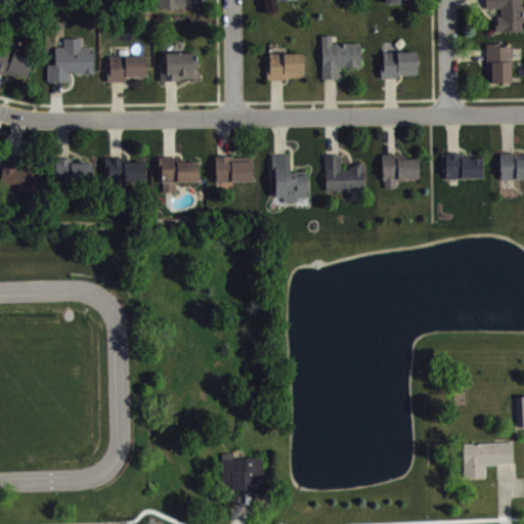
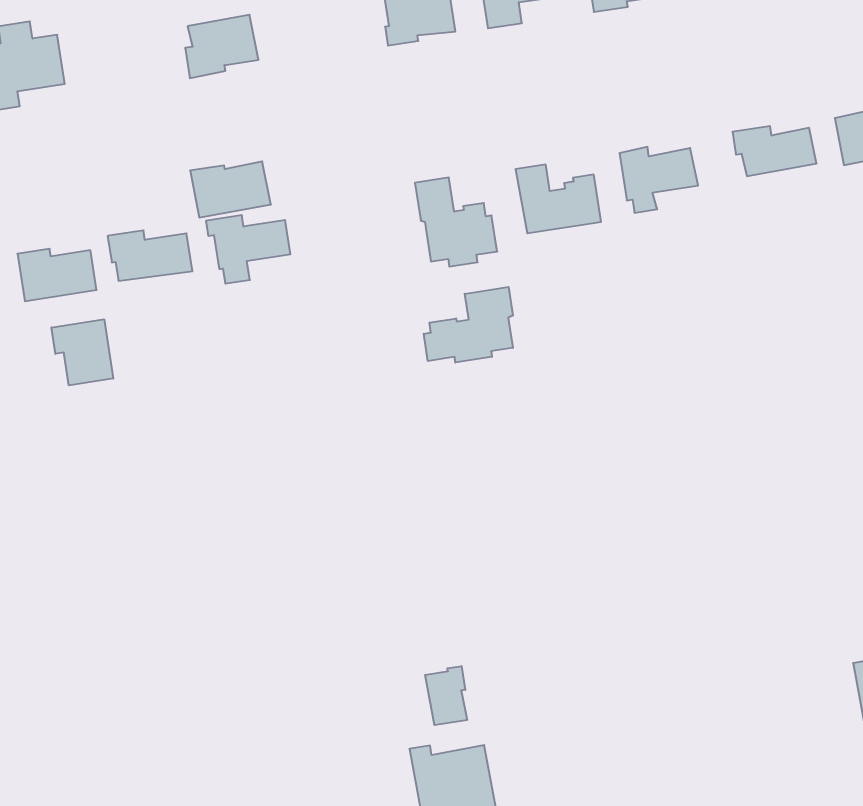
building: [106,56,149,82] -> none
building: [214,158,254,183] -> [190,161,271,218]
building: none -> [51,319,113,385]
building: none -> [424,287,513,363]
building: none -> [425,666,467,725]

